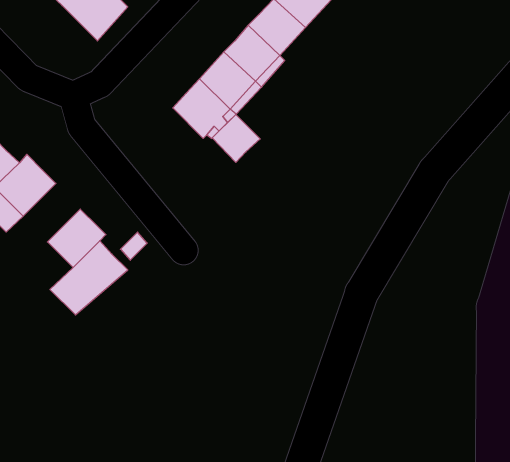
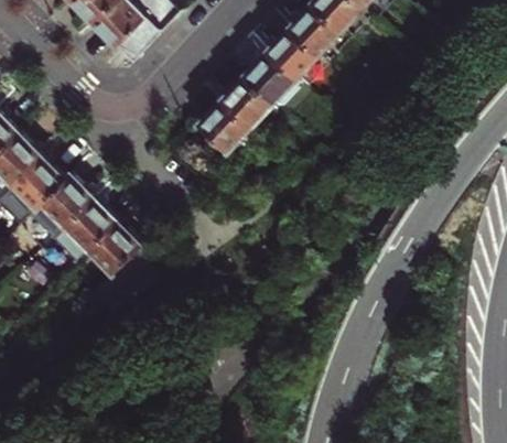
building: [212,114,260,162] -> none
building: none -> [62,190,114,242]

